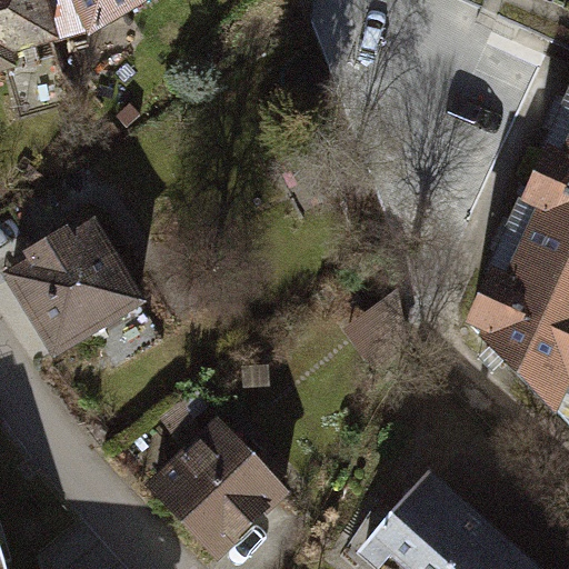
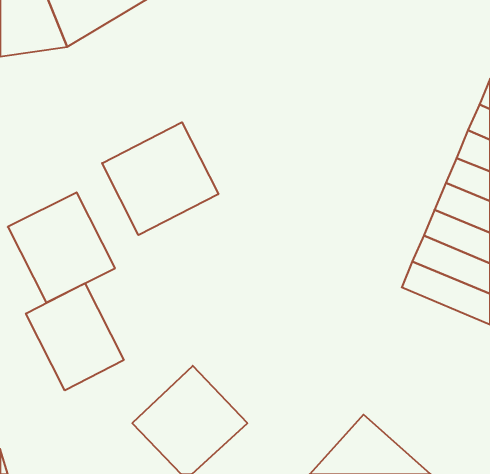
building: none -> [102,122,218,235]
building: none -> [26,283,124,390]

